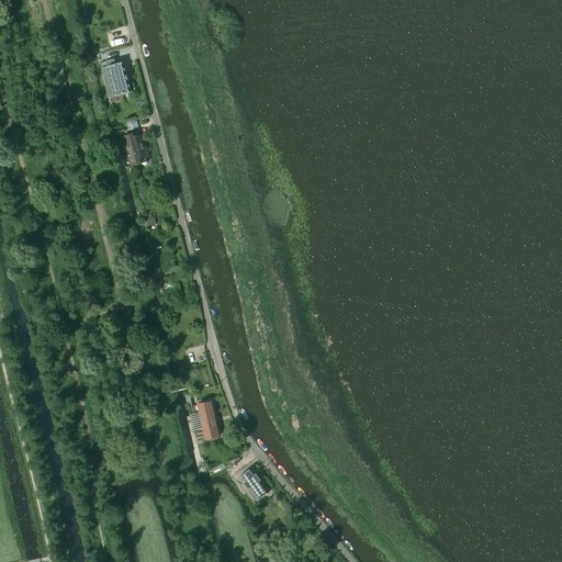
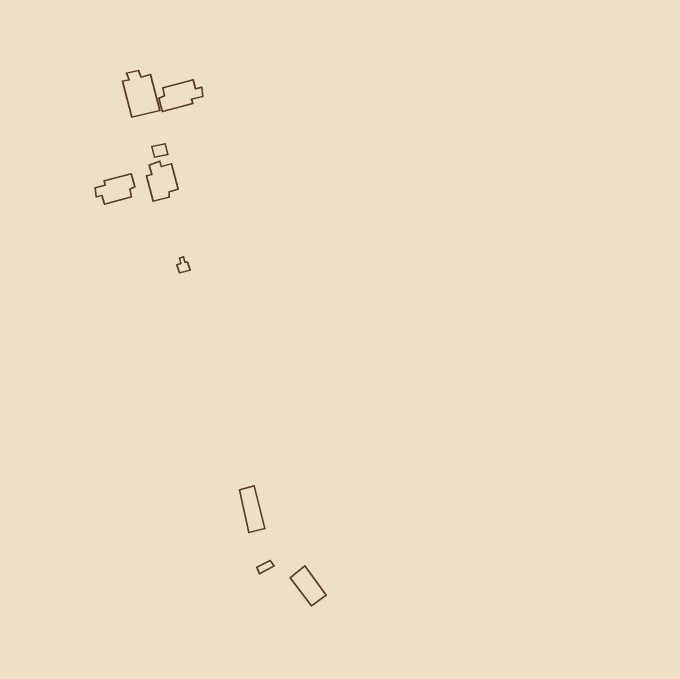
building: none -> [159,80,203,111]
building: none -> [95,174,135,204]

